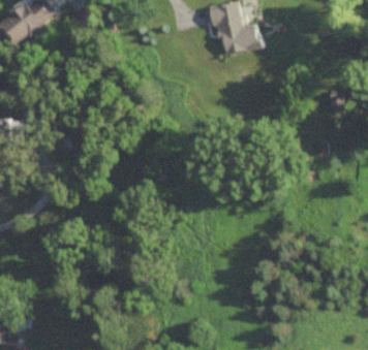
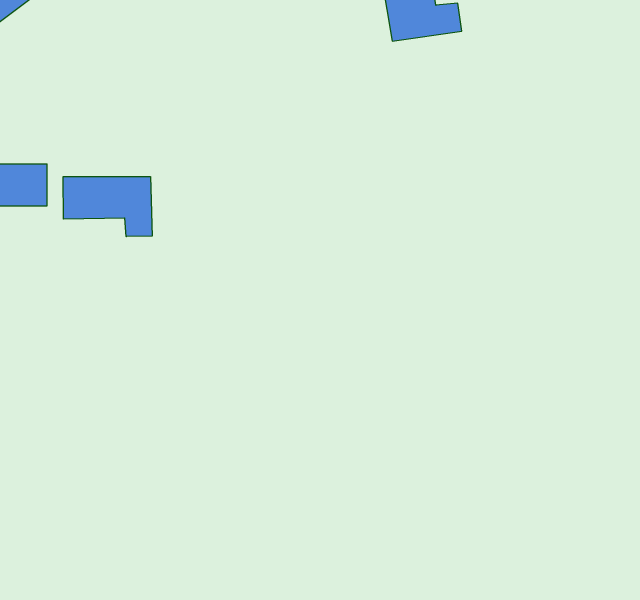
building: none -> [63,177,152,237]

